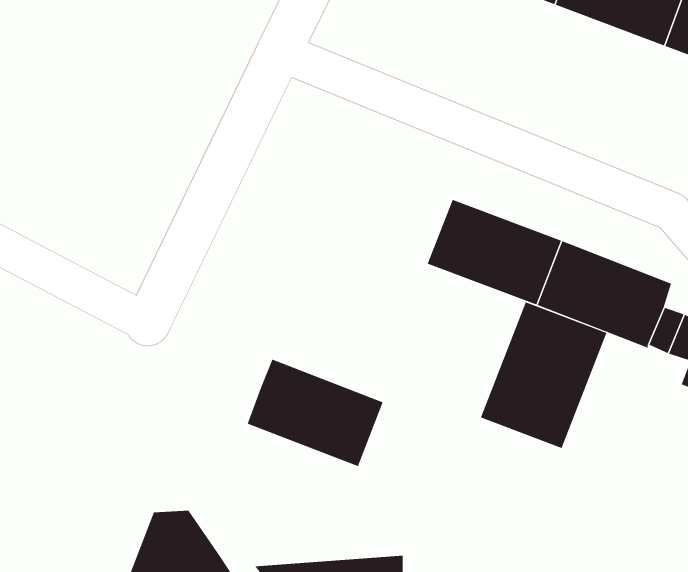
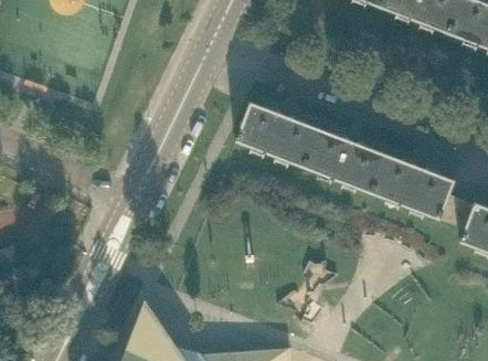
building: [480,302,607,449] -> none
building: [247,359,384,467] -> [236,102,320,168]

